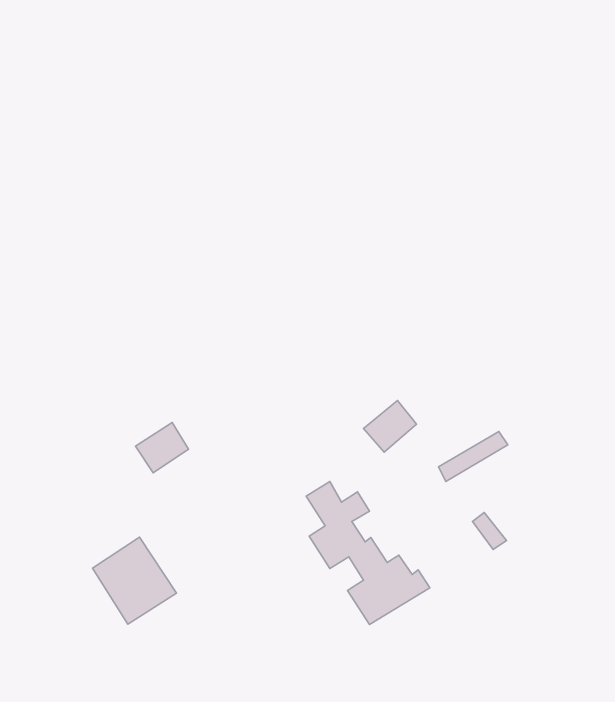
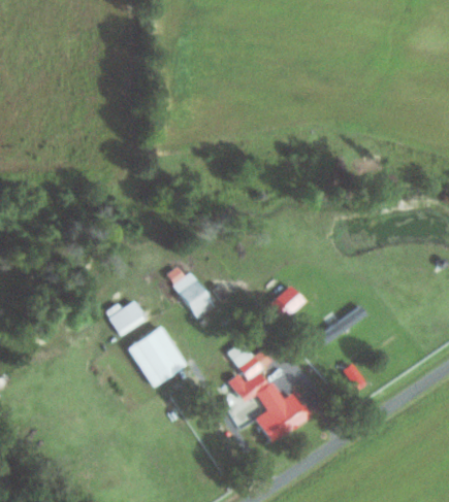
building: none -> [167,266,215,319]
building: [93,537,176,624] -> [128,326,187,387]

